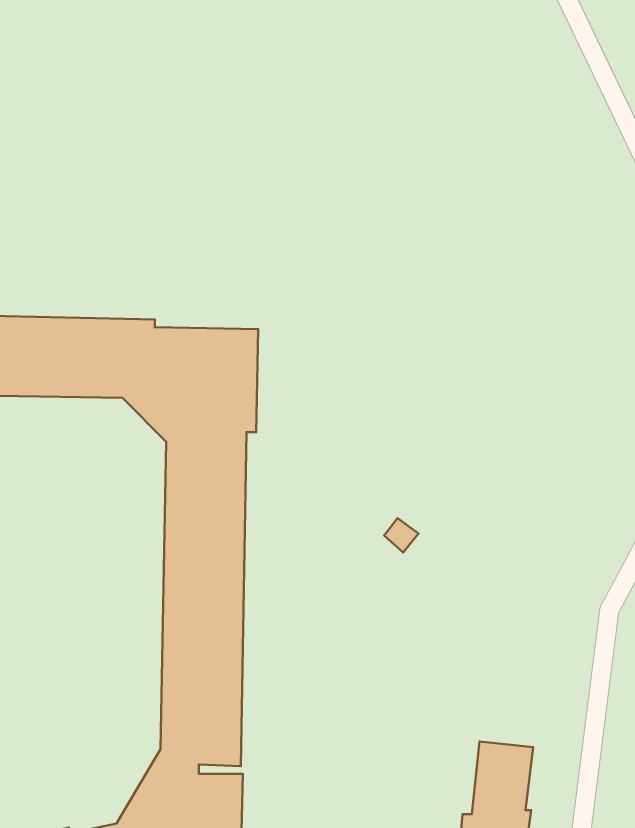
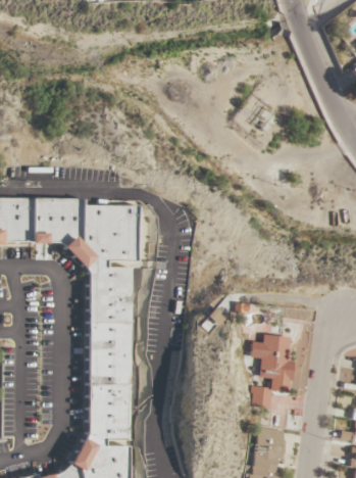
building: none -> [249,334,292,407]

